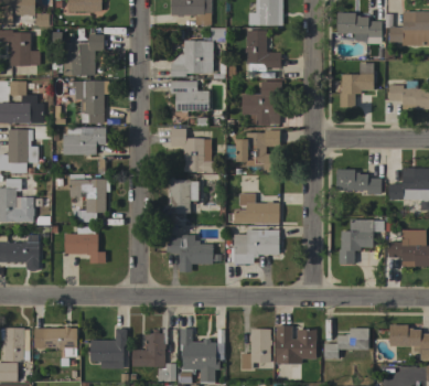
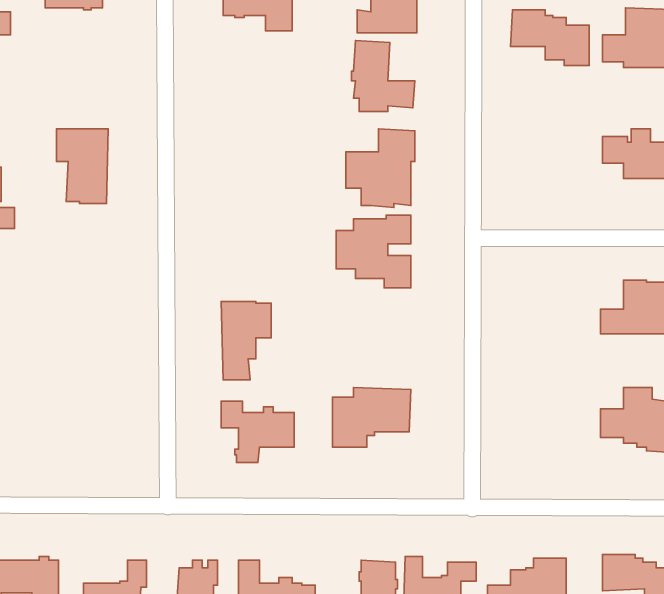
building: [171,28,225,76] -> none
building: [63,34,104,75] -> none
building: [339,74,374,107] -> none
building: [170,81,208,112] -> none
building: [63,127,106,154] -> none
building: [170,128,213,171] -> none
building: [336,169,380,193] -> none
building: [69,179,110,222] -> none
building: [234,193,279,223] -> none
building: [339,219,384,264] -> none
building: [65,226,107,264] -> none

